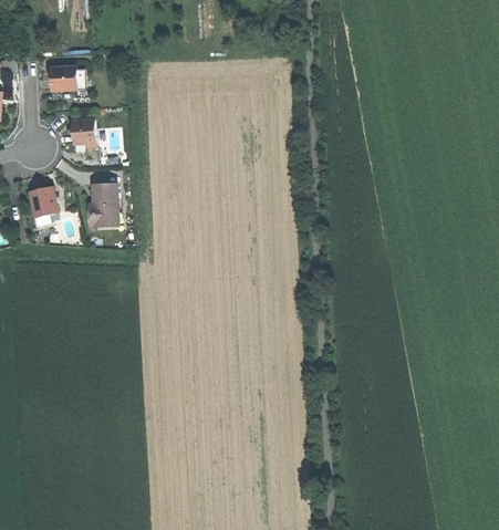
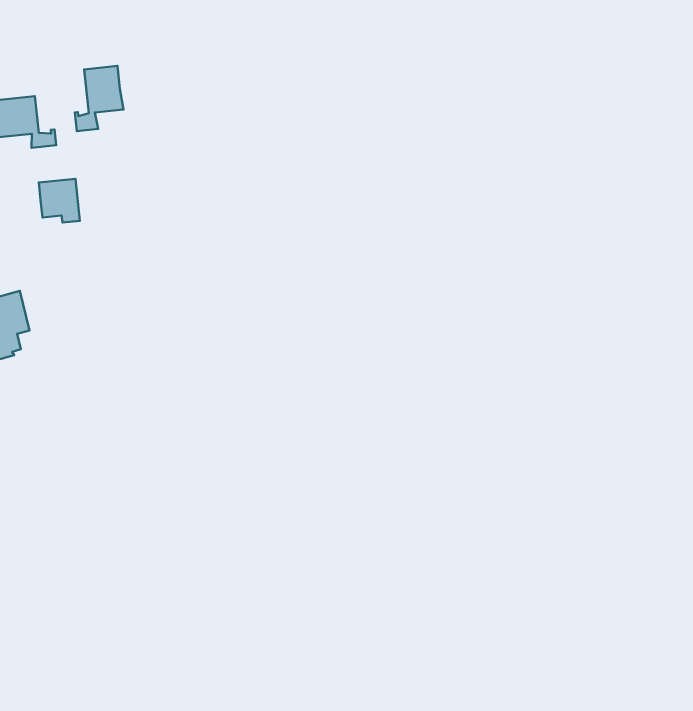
building: none -> [75,66,124,131]
building: [87,184,116,226] -> none

